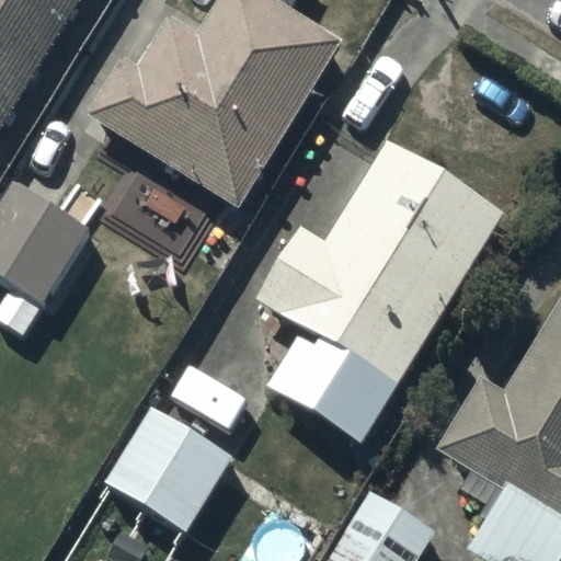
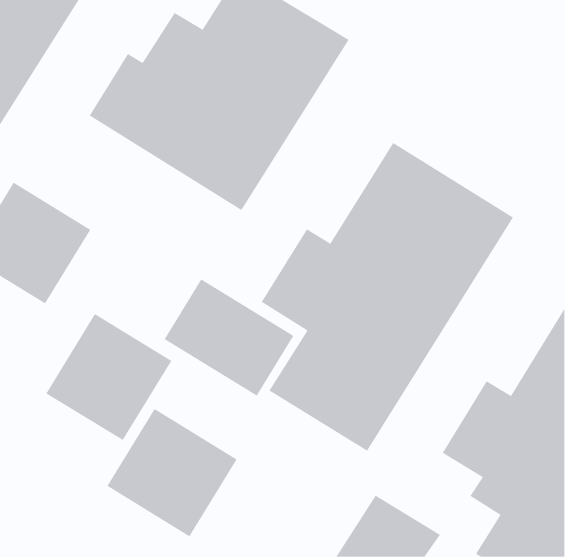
building: none -> [164,279,294,396]
building: none -> [46,313,172,441]

